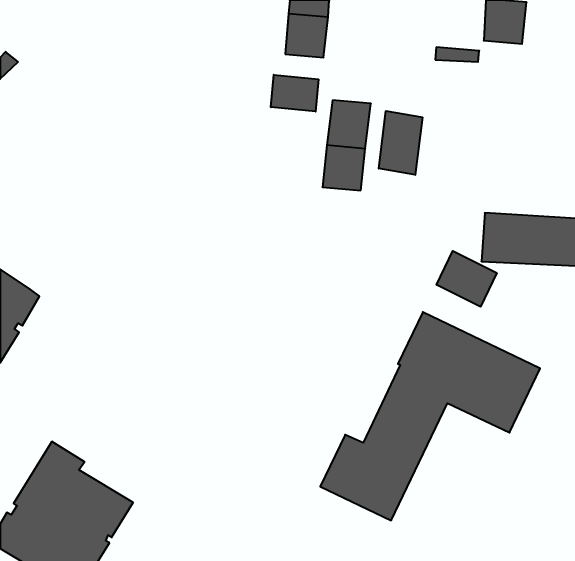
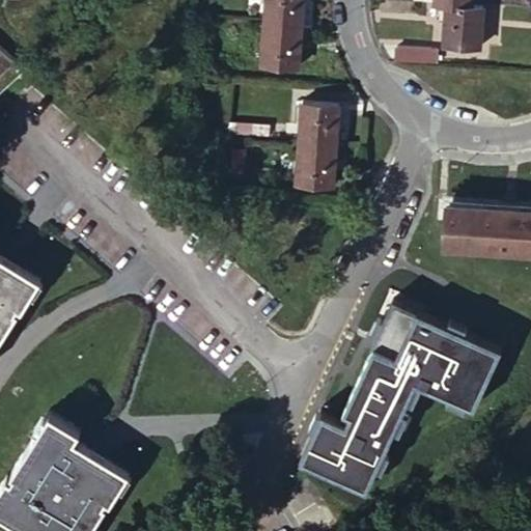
building: [271,75,318,112] -> none
building: [379,111,422,175] -> none
building: [437,251,497,307] -> none

